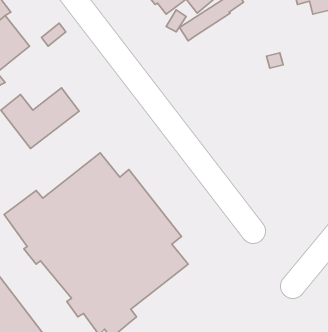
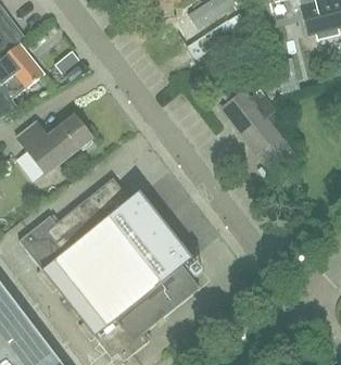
building: none -> [222,87,292,168]

